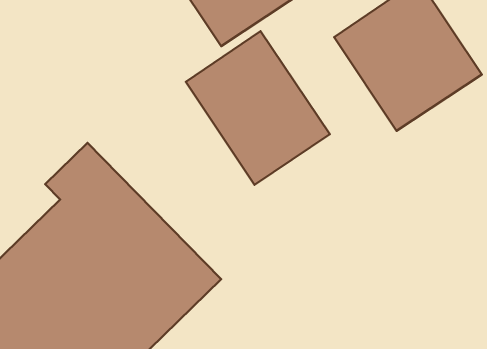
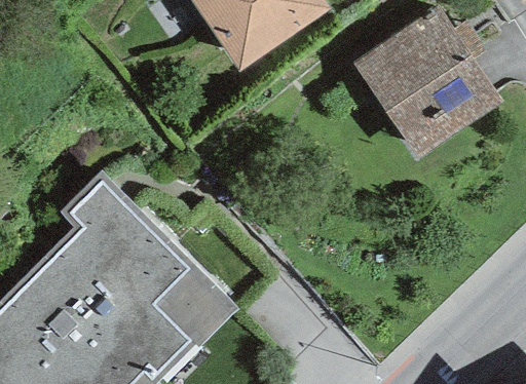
building: [186,31,330,185] -> none

